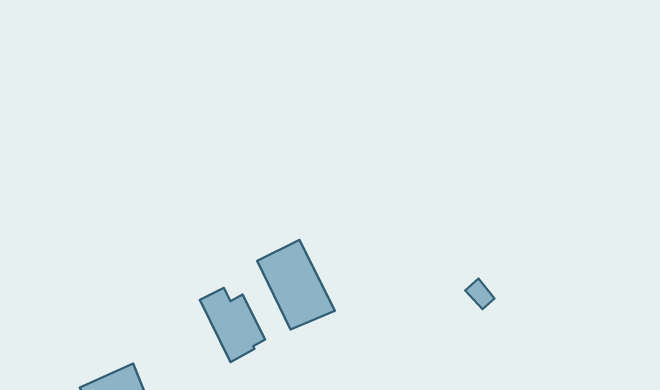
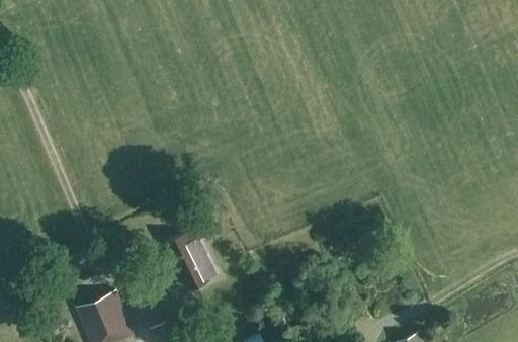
building: [257,240,335,329] -> none

